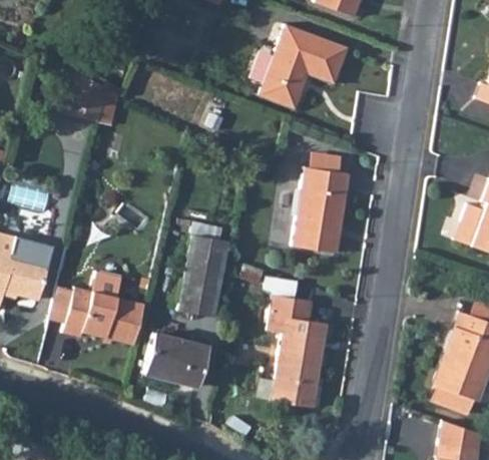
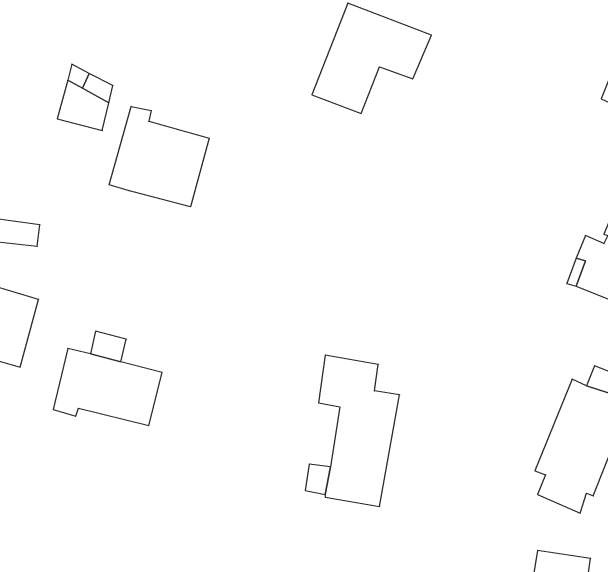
building: none -> [109,106,209,207]
building: [294,165,352,252] -> none
building: [178,234,225,315] -> none
building: [146,332,208,386] -> none

